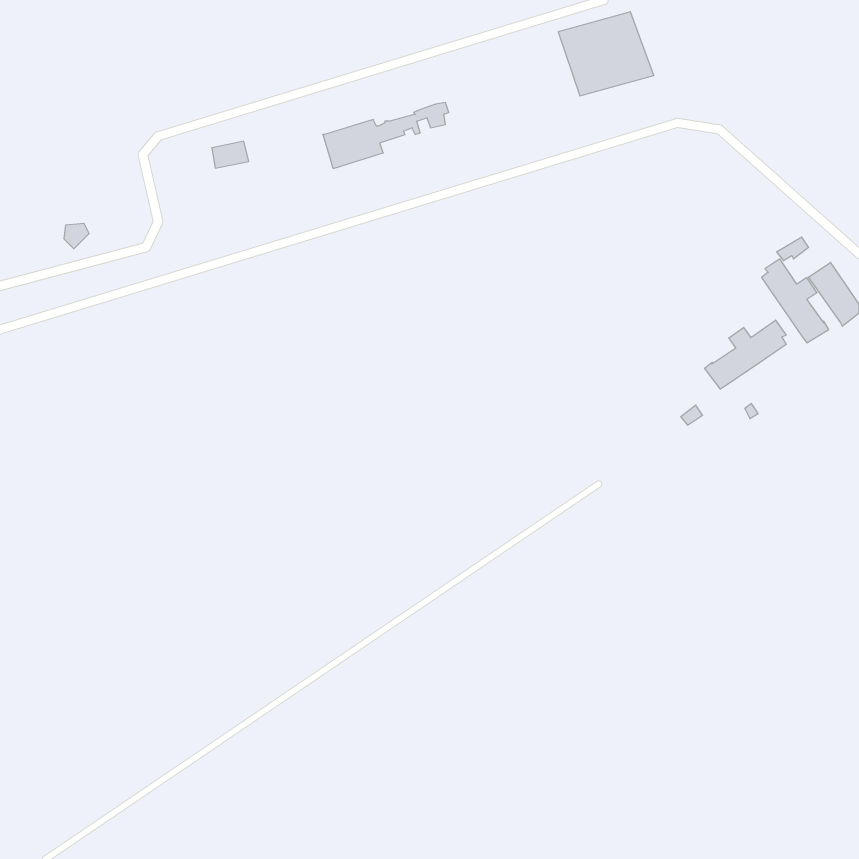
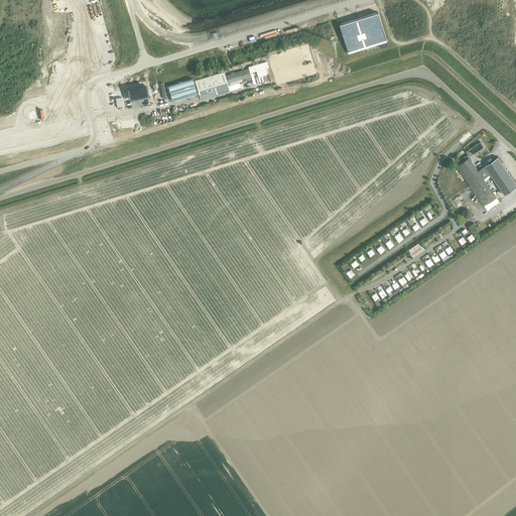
building: none -> [168,79,198,101]
building: [705,320,786,389] -> none

